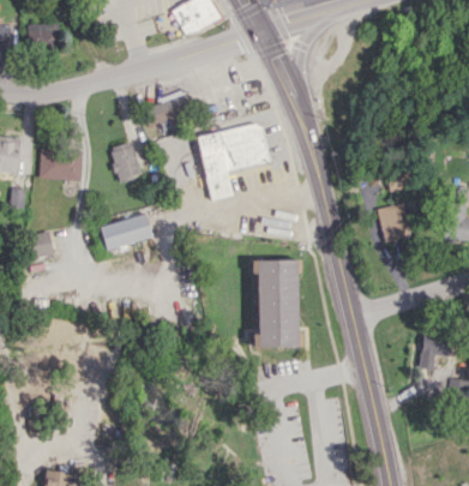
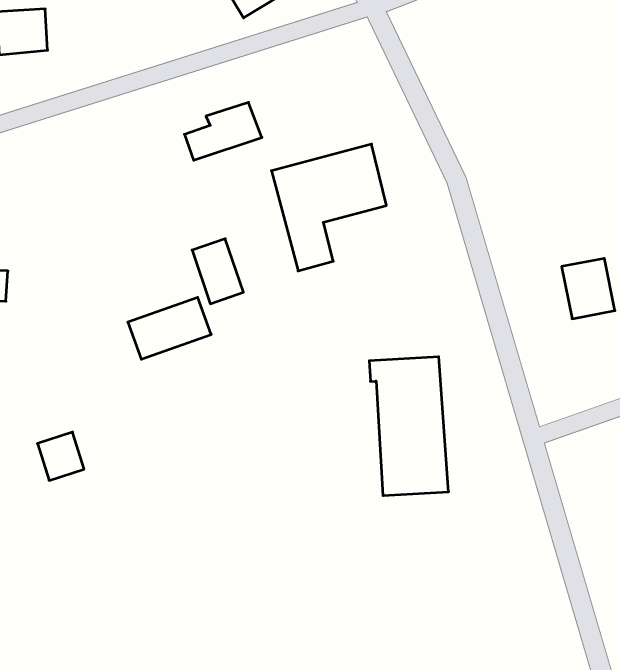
building: [110,142,142,182] -> [192,239,243,304]
building: [40,149,83,181] -> none
building: [26,230,55,260] -> [37,432,84,480]

